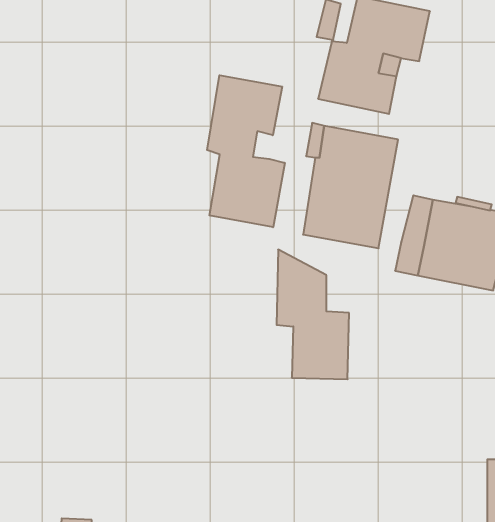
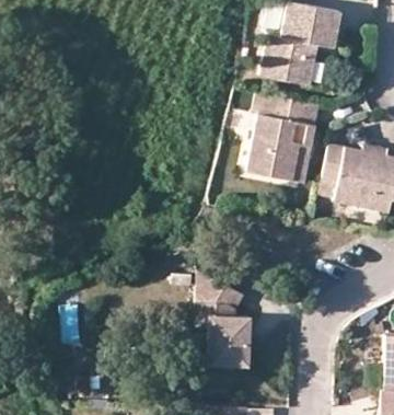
building: [207,75,285,227] -> none
building: [277,250,349,379] -> [196,273,248,367]

